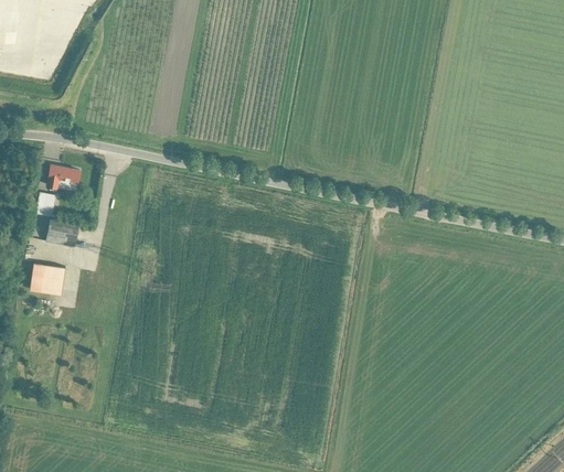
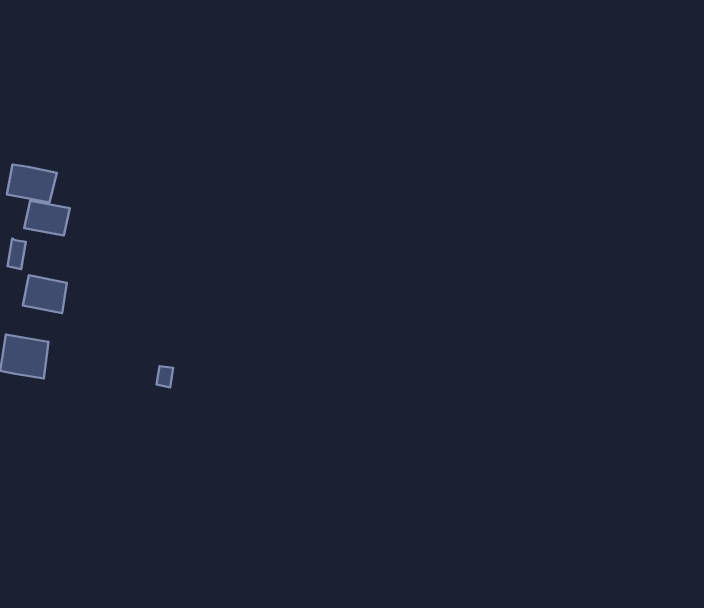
building: none -> [7,164,57,202]

